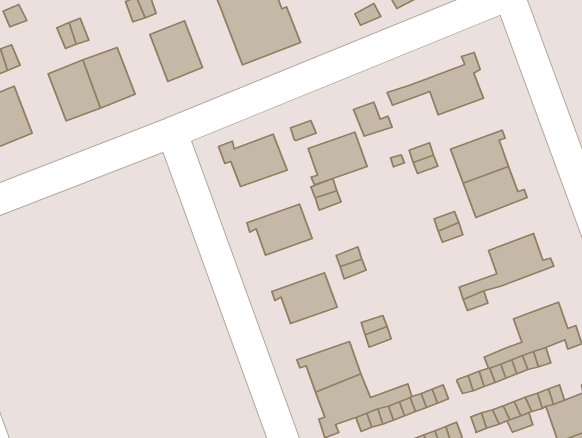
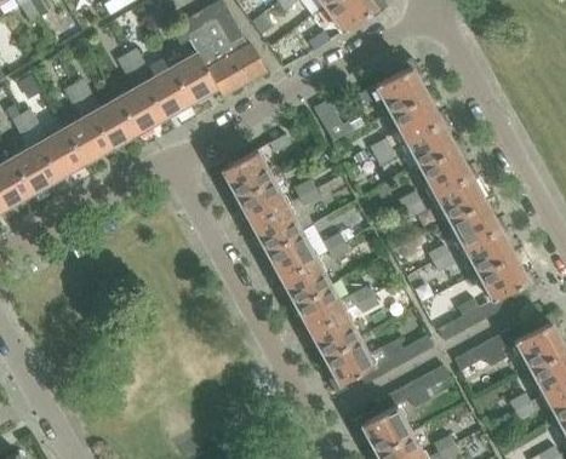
building: none -> [168,52,217,104]
building: none -> [116,84,162,134]
building: none -> [36,128,84,179]
building: none -> [389,94,444,140]
building: [308,132,367,185] -> [235,178,286,226]
building: none -> [433,171,482,219]
building: none -> [264,231,315,280]
building: none -> [462,224,511,272]
building: none -> [293,285,344,333]

